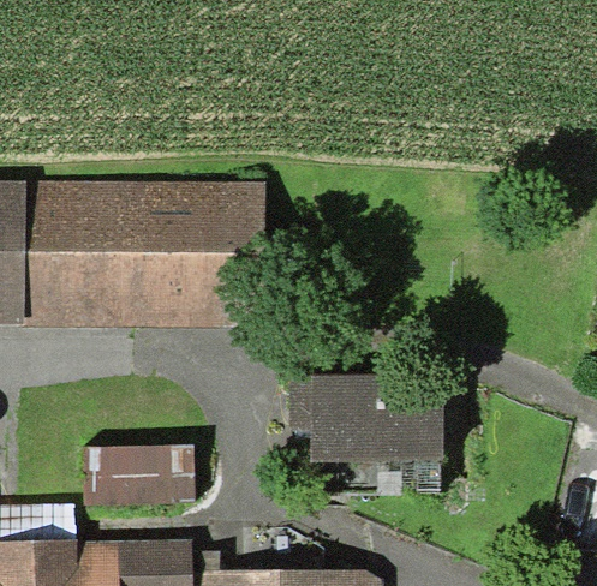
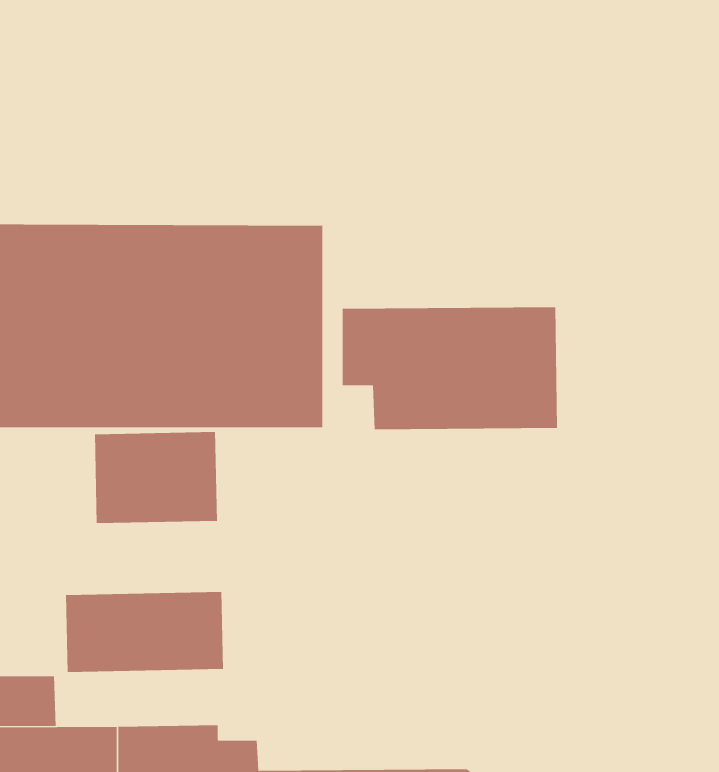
building: none -> [94,431,217,524]
building: [286,375,440,462] -> [342,307,558,430]

